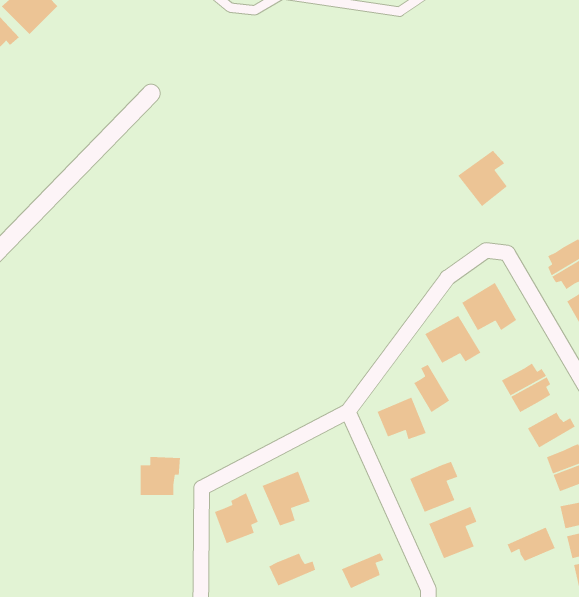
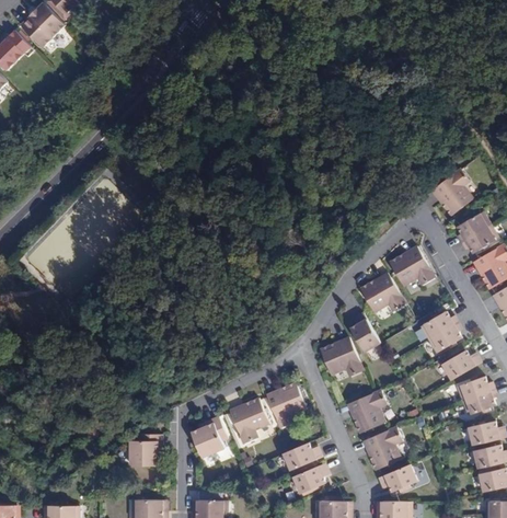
building: [457,150,508,207] -> [431,169,472,215]
building: none -> [266,382,306,428]
building: [140,456,181,496] -> [129,434,162,465]
building: [507,526,556,562] -> [378,463,417,492]
building: [268,552,316,587] -> [283,442,321,470]

